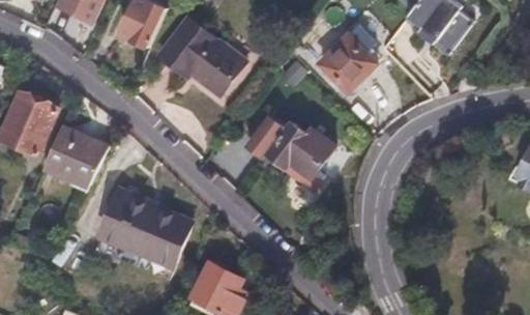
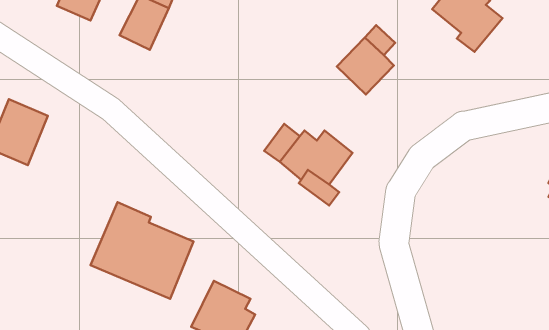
building: [160,21,244,94] -> none
building: [43,125,108,187] -> none

